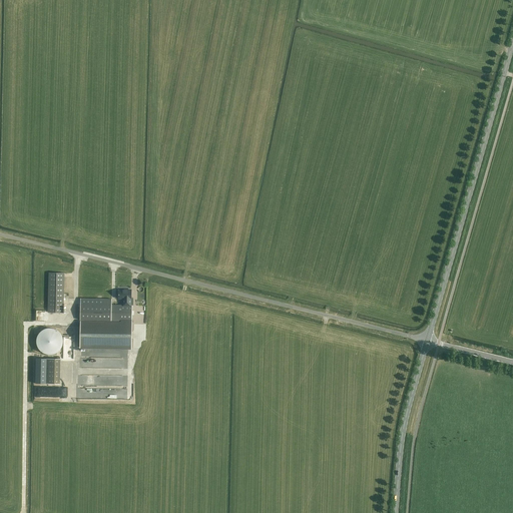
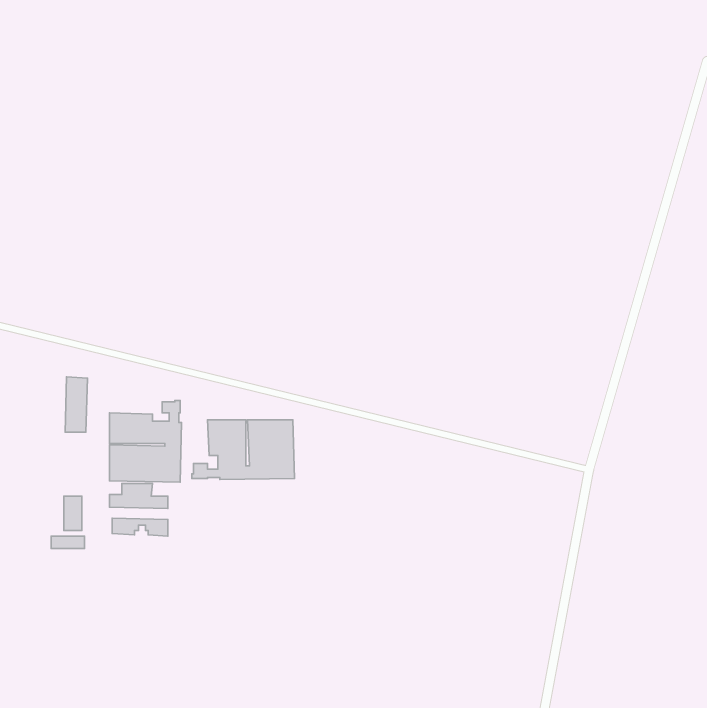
building: none -> [192,420,295,480]
building: [36,329,62,355] -> none

